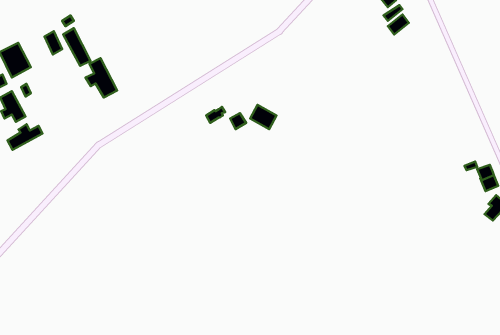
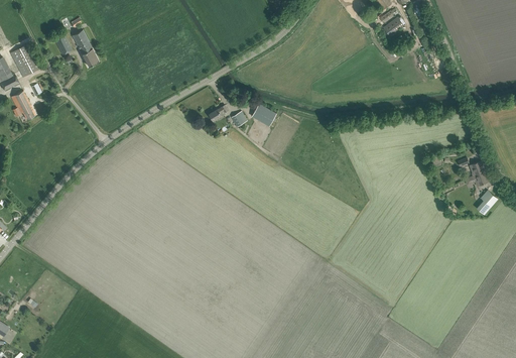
building: [85,58,117,97] -> none
building: [8,124,43,150] -> none

